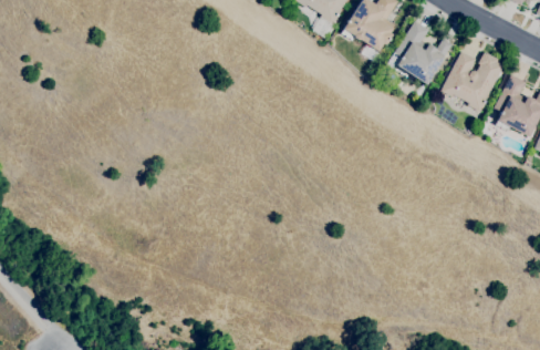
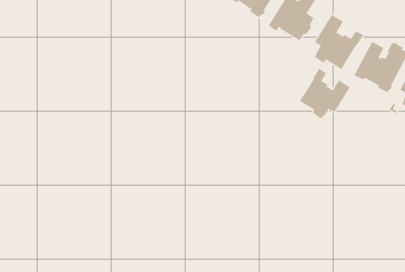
building: none -> [299,68,351,119]

